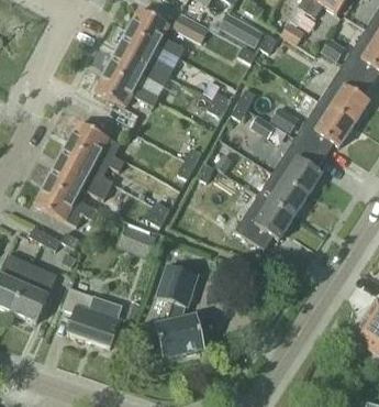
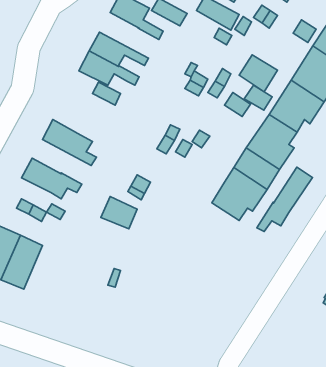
building: [116,29,172,77] -> none
building: none -> [239,55,278,92]
building: [67,121,123,170] -> none
building: [45,163,108,199] -> none
building: none -> [257,167,312,232]
building: [155,264,213,358] -> none
building: [63,287,122,347] -> none

